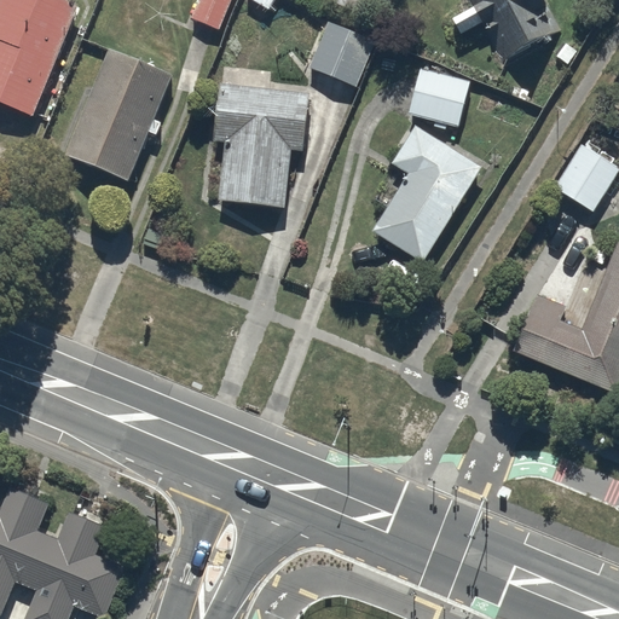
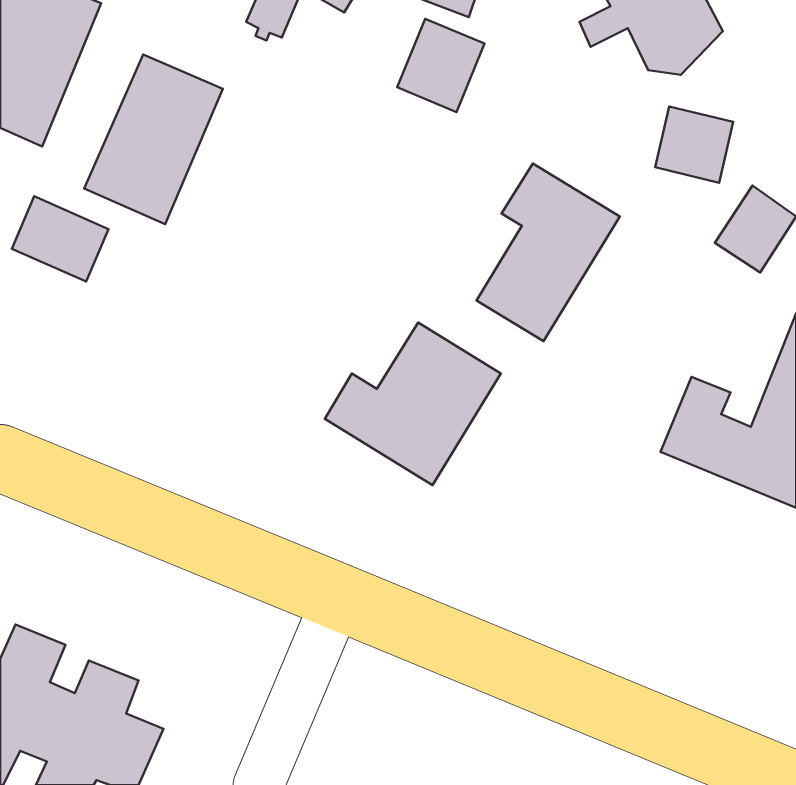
building: [212,59,308,209] -> none
building: [409,66,469,126] -> [655,106,733,183]
building: none -> [12,196,109,282]
building: none -> [325,323,501,485]

